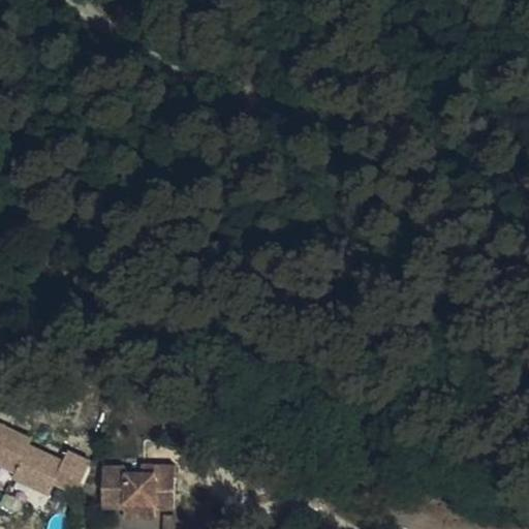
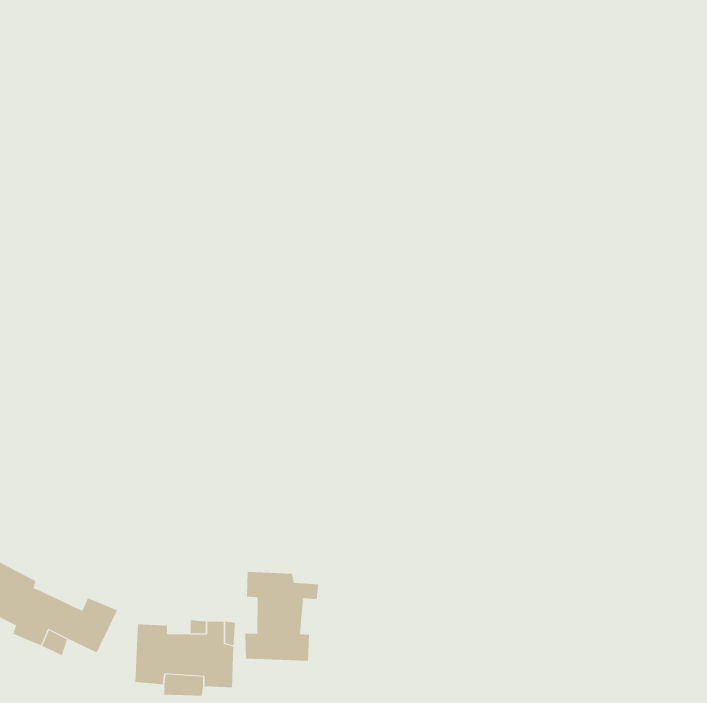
building: none -> [245,571,319,661]

